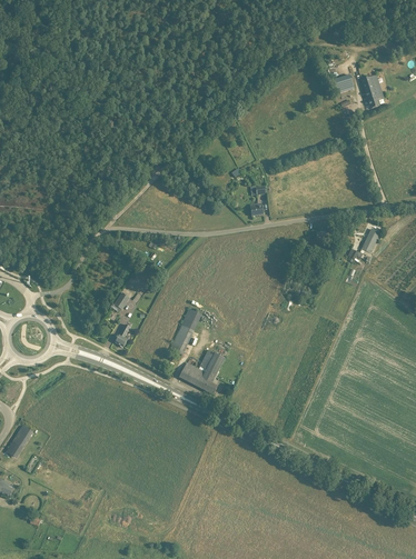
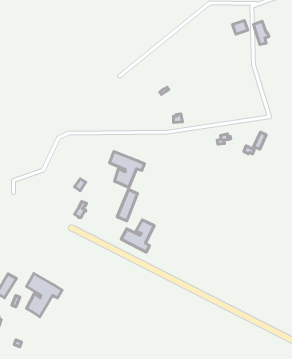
building: none -> [109,152,145,187]
building: none -> [26,273,62,317]

